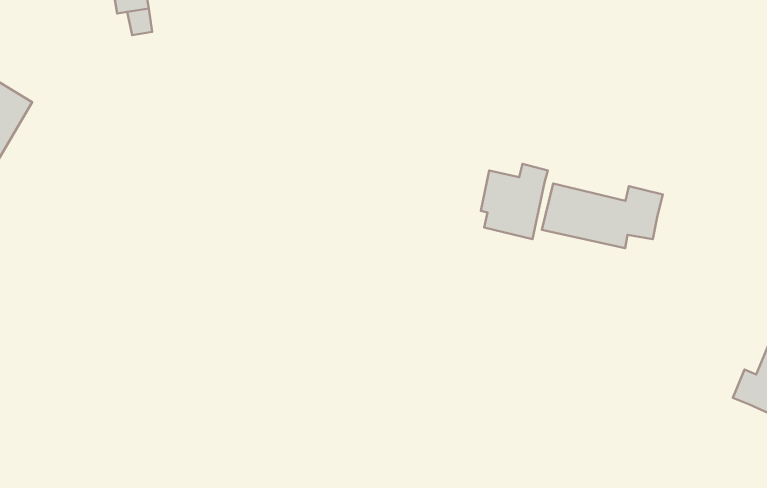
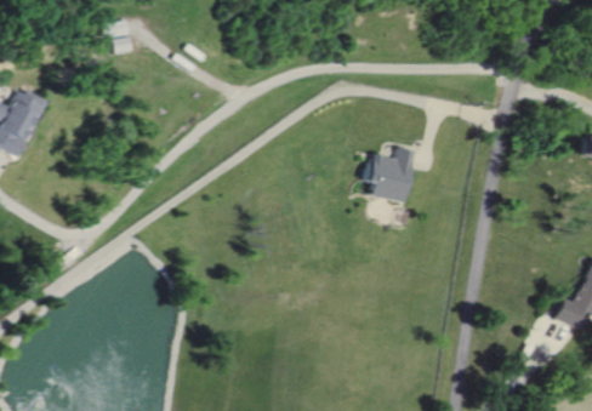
building: [542,184,663,248] -> none

